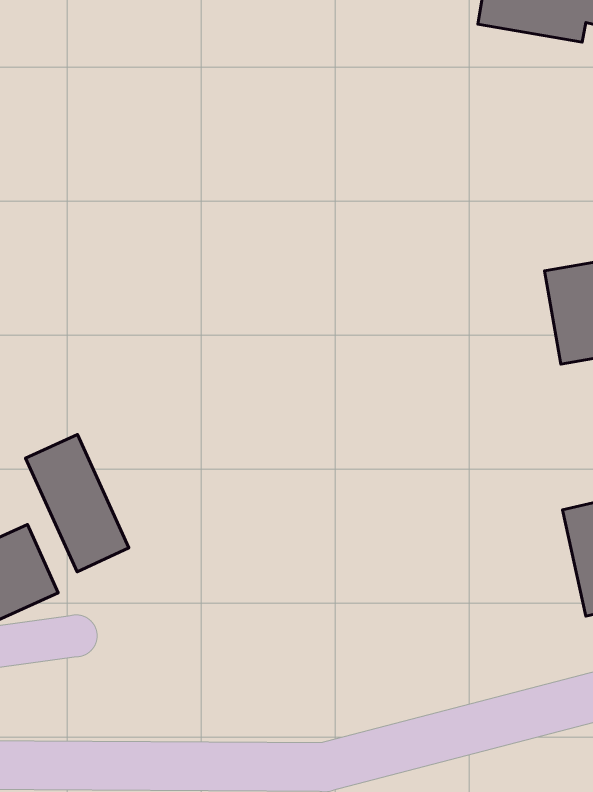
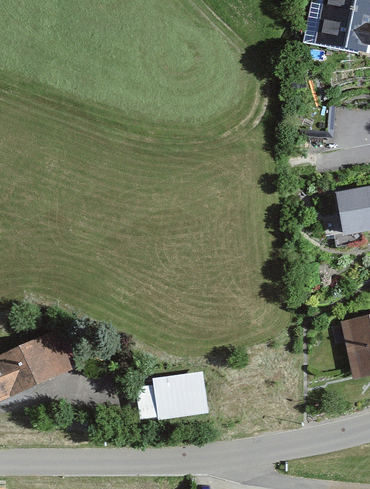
building: [26,434,129,572] -> none
building: none -> [151,371,204,416]

